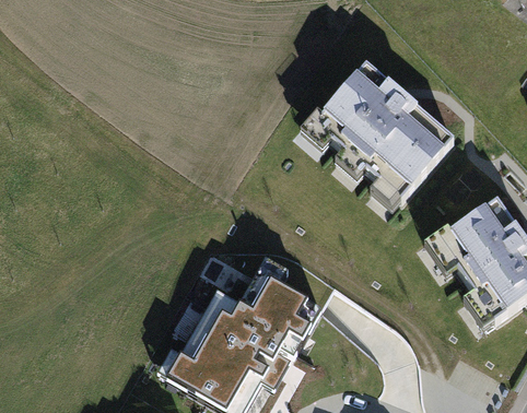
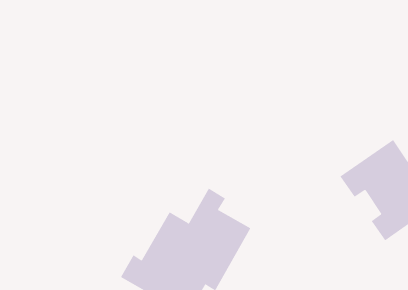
building: [308,60,455,203] -> none

